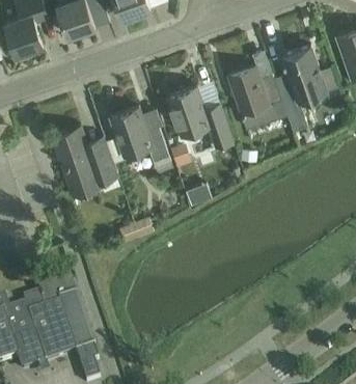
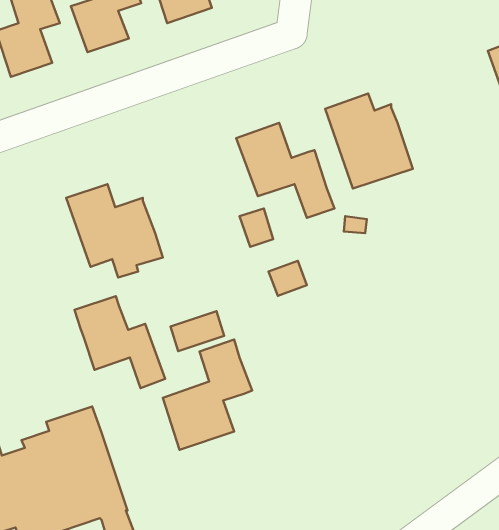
building: [274,45,338,131] -> none
building: [110,105,171,167] -> [75,296,165,388]
building: none -> [163,339,252,450]

